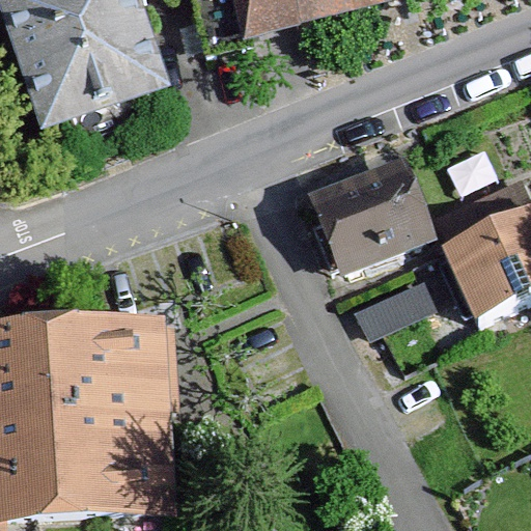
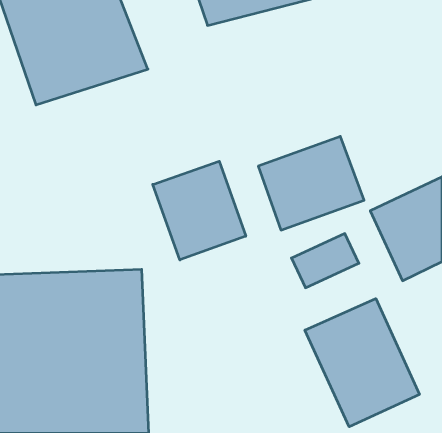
building: none -> [153,161,246,260]
building: none -> [305,299,419,427]

